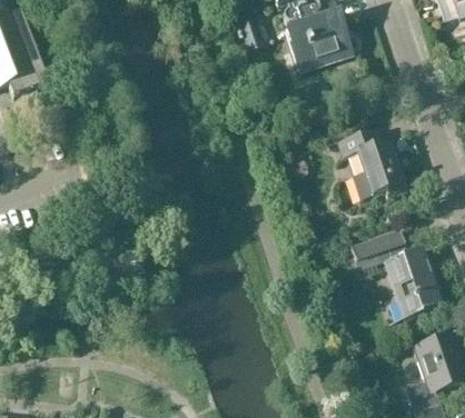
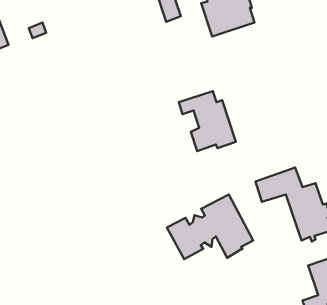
building: [338,130,407,202] -> [179,91,236,151]
building: none -> [167,194,253,259]

